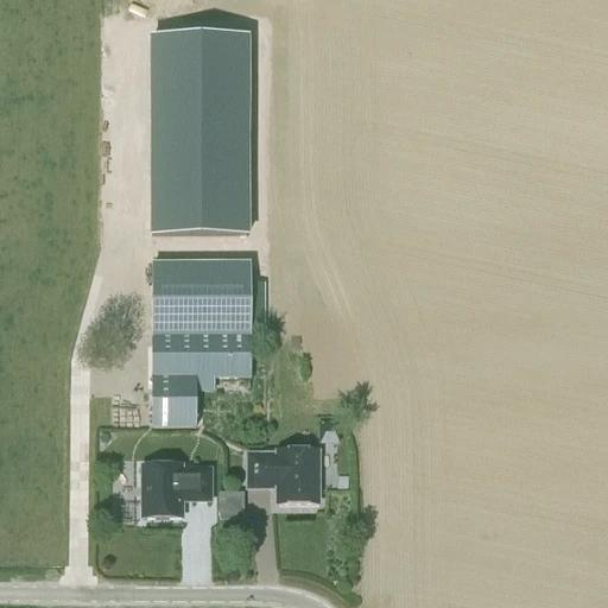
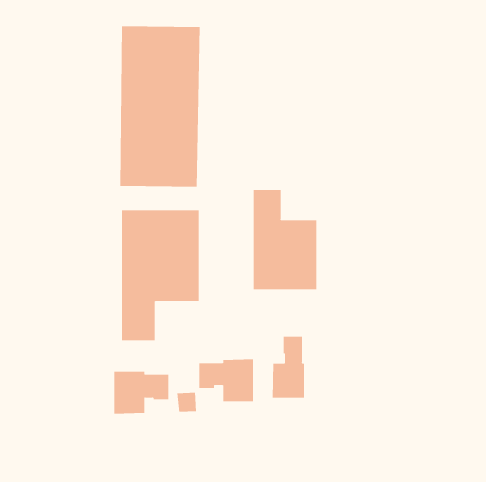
building: none -> [253,189,317,290]
building: none -> [272,336,305,398]

